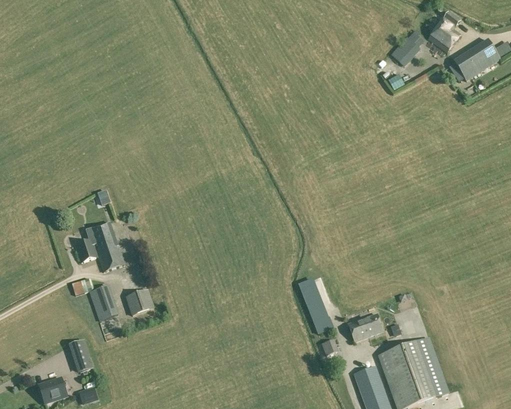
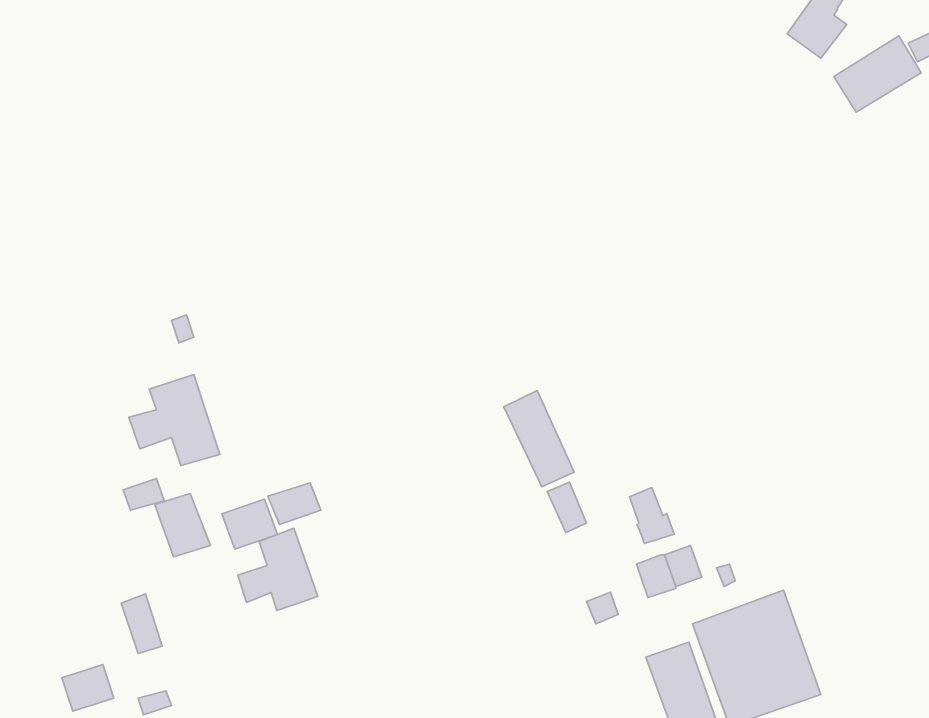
building: [390,36,418,64] -> none
building: none -> [504,391,574,487]
building: none -> [268,483,321,525]
building: [309,302,333,332] -> [629,488,674,543]
building: none -> [238,528,318,610]

